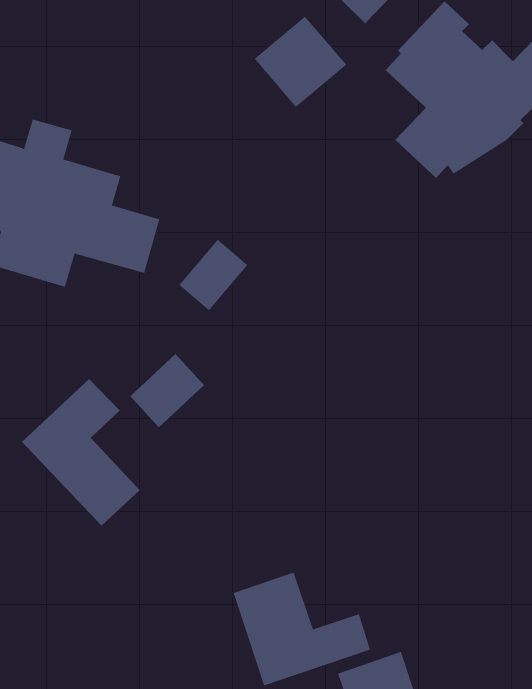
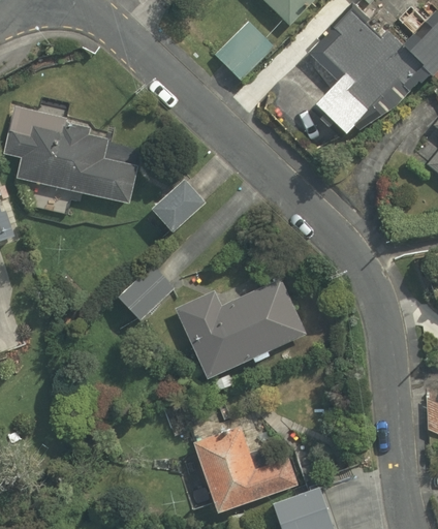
building: none -> [175,278,306,378]
building: [21,378,141,526] -> none

